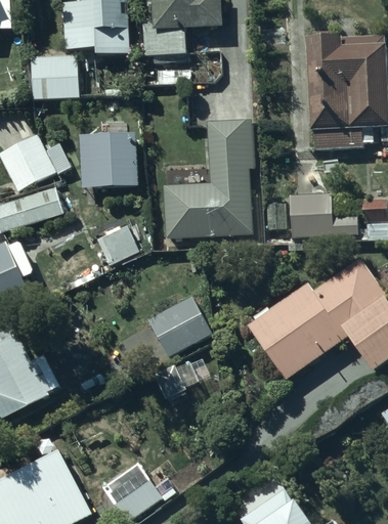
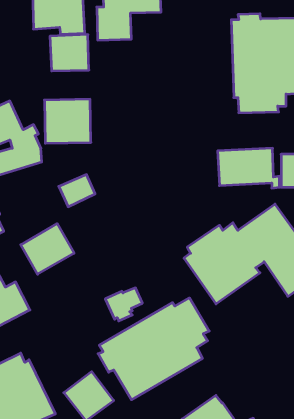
building: [33,55,80,99] -> [50,35,89,71]
building: [164,120,254,236] -> none
building: [148,296,213,357] -> [21,224,74,274]
building: none -> [98,298,209,400]

